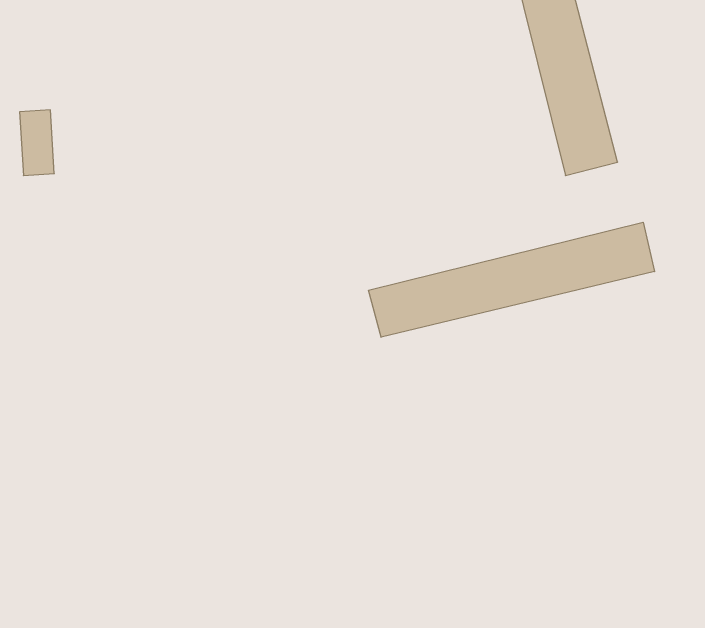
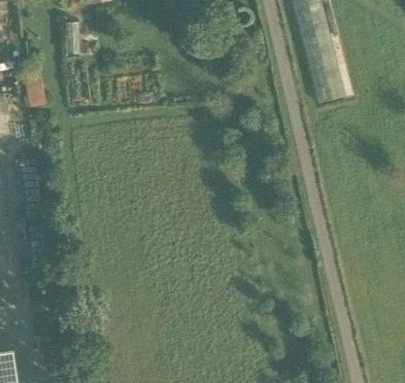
building: [369,222,655,337] -> none

